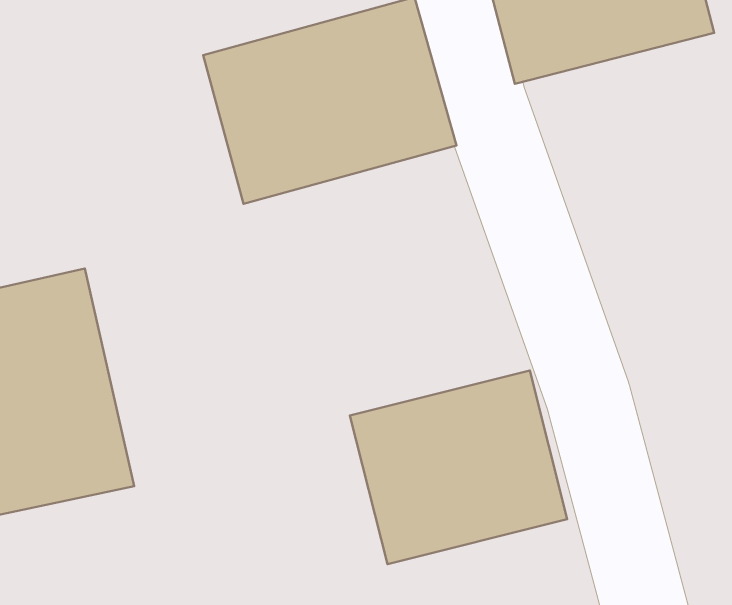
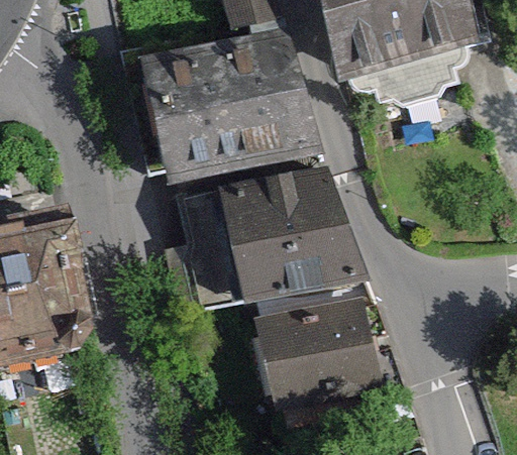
building: none -> [211,168,359,311]

